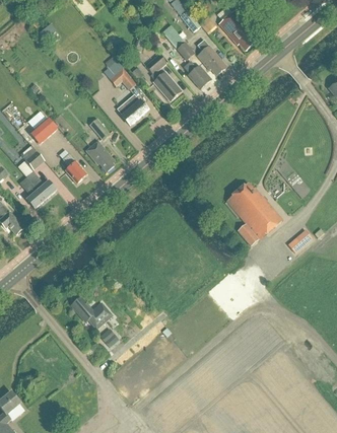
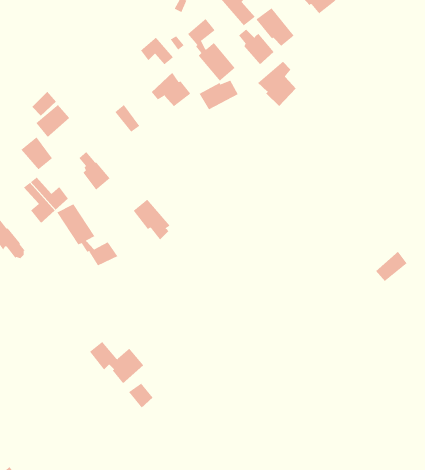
building: none -> [257,61,297,107]
building: none -> [199,80,238,110]
building: [85,141,114,172] -> [133,199,170,240]
building: [225,183,282,245] -> none
building: none -> [57,204,118,266]

